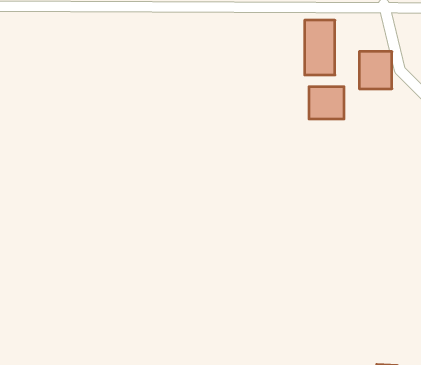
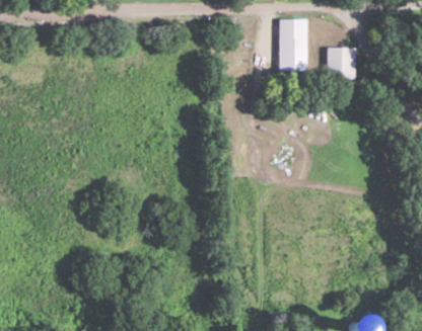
building: [309,87,344,119] -> none

